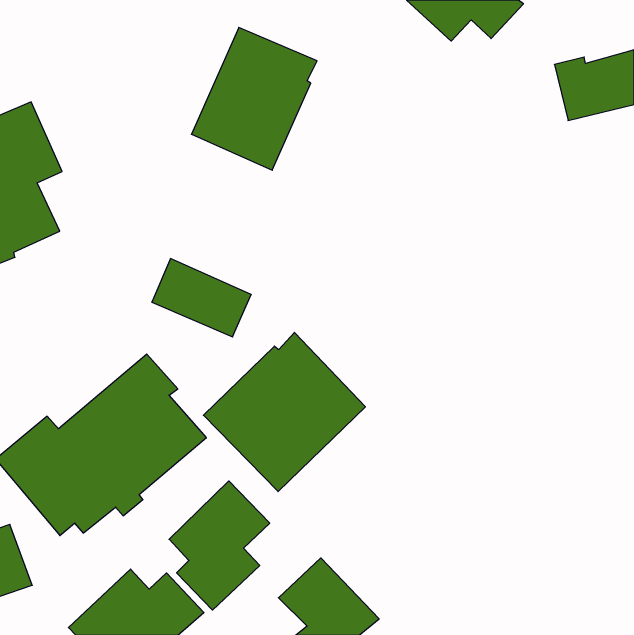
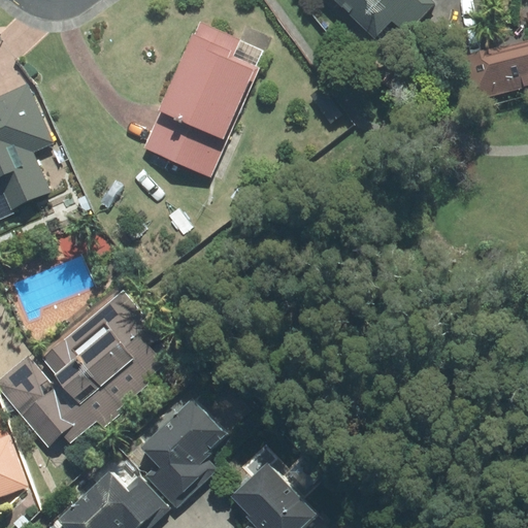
building: [152,259,251,337] -> [143,111,226,176]
building: [203,332,365,492] -> none

